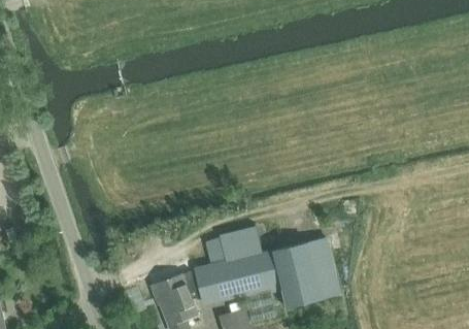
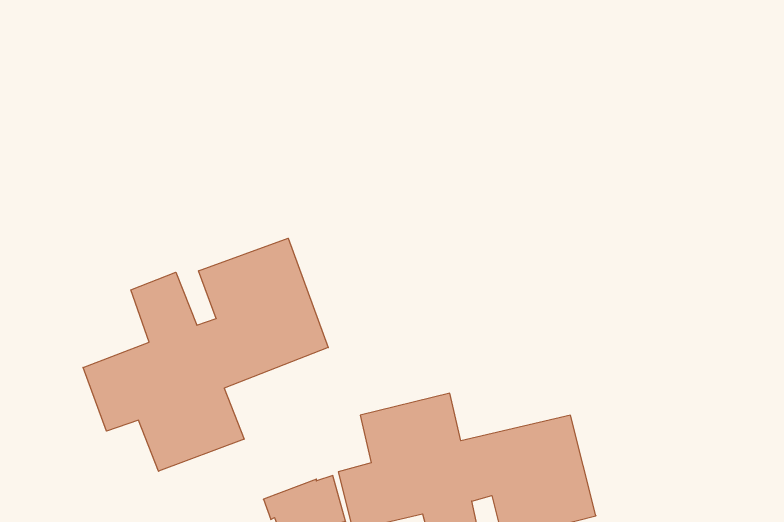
building: none -> [83,238,328,471]

